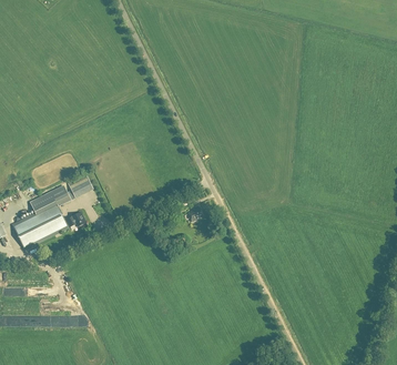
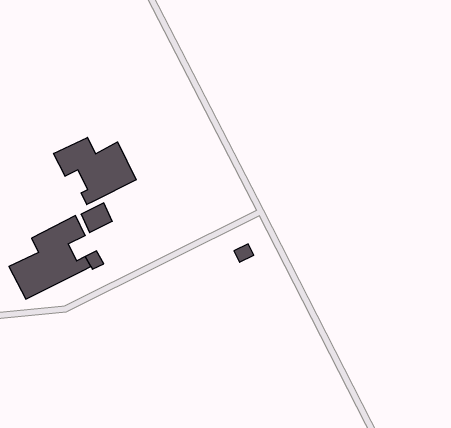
building: none -> [54,137,136,205]

